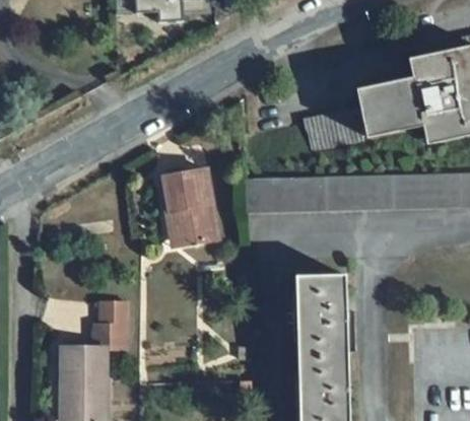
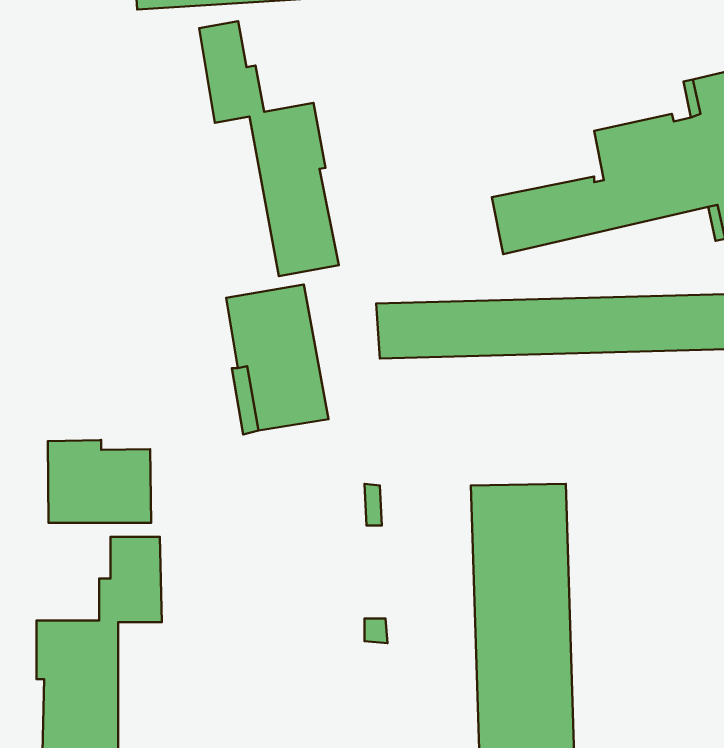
building: none -> [199,21,339,276]
building: none -> [48,440,151,523]

